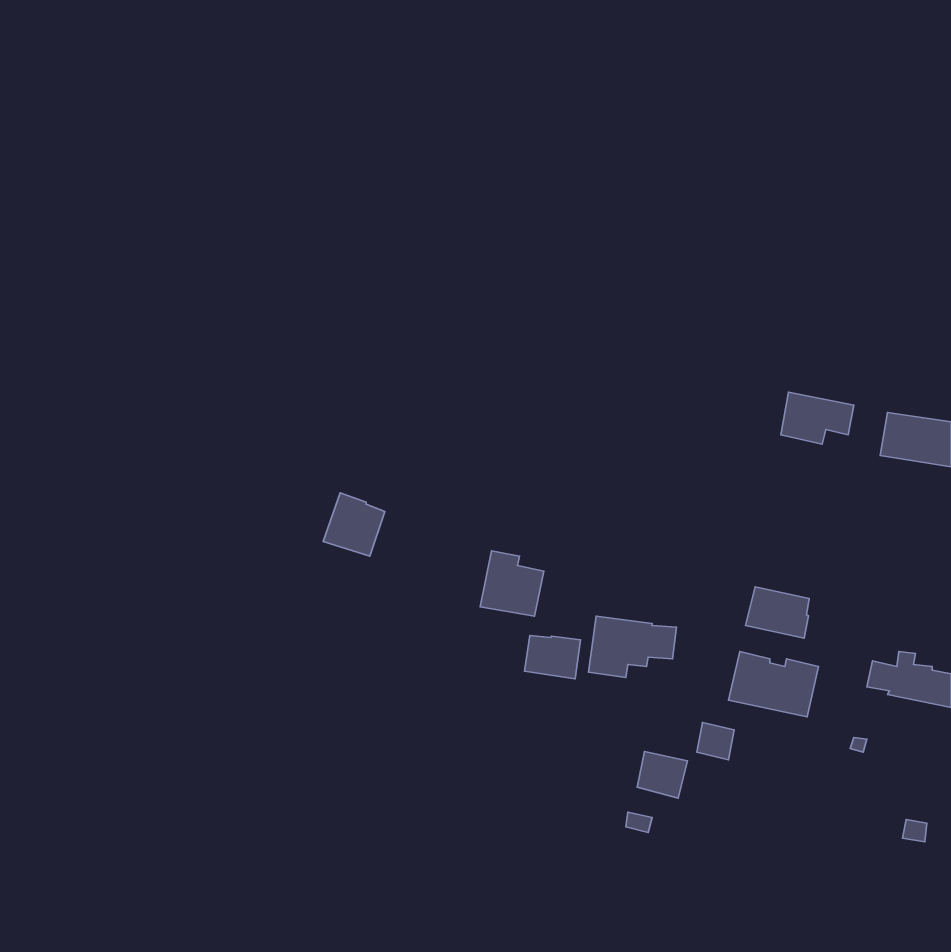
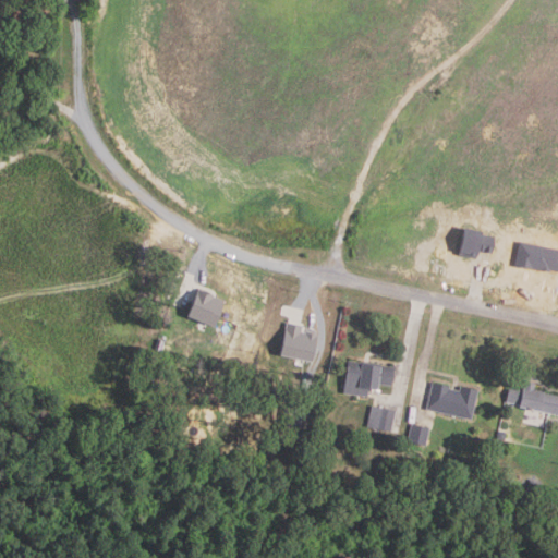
building: [746,587,809,638] -> none
building: [524,636,580,679] -> none
building: [637,752,687,798] -> [366,404,396,432]

